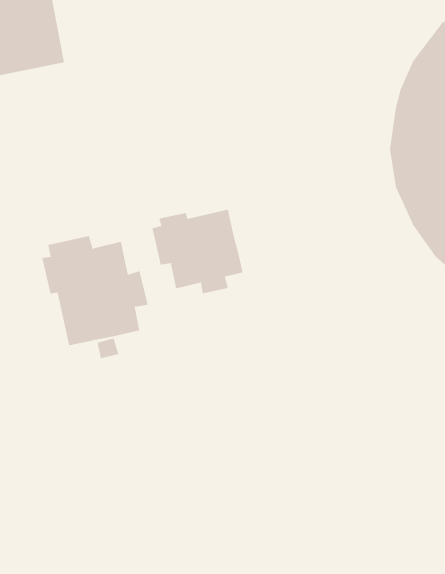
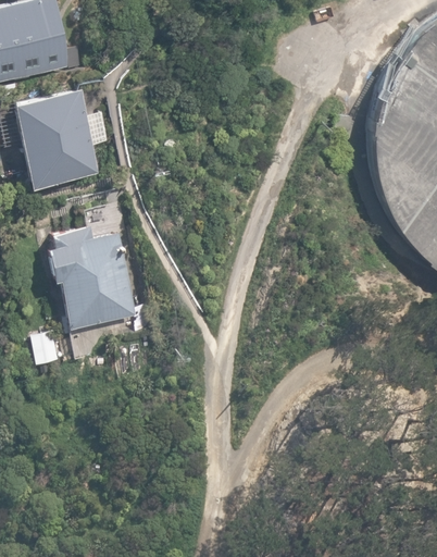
building: none -> [13,89,99,189]
building: [152,209,243,294] -> none

